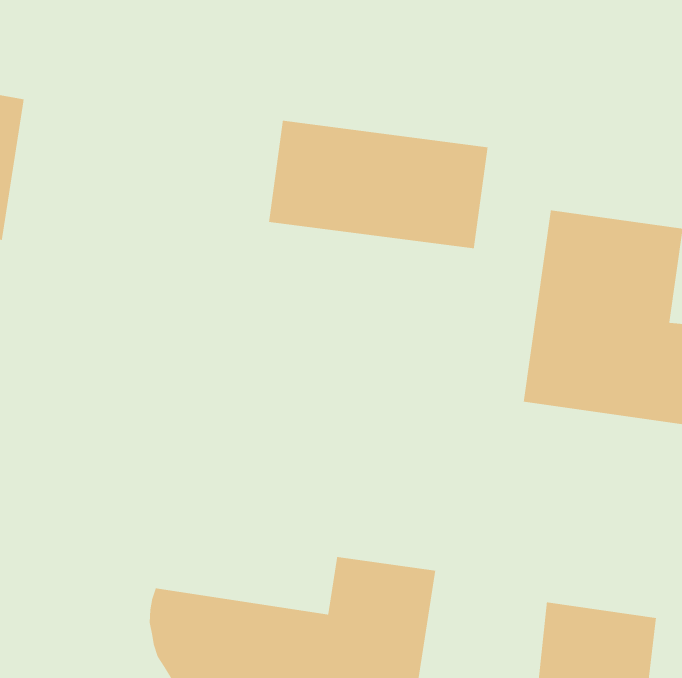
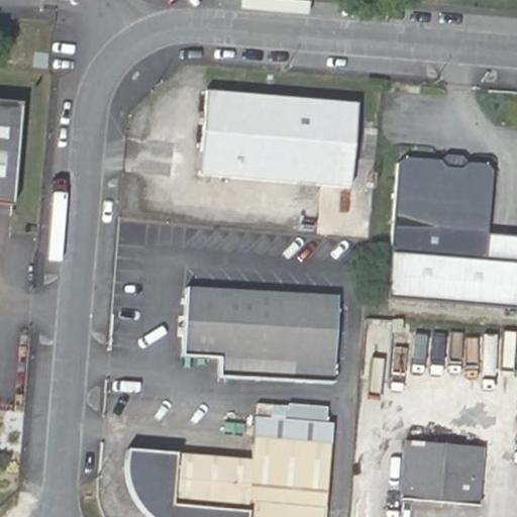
building: none -> [182,286,343,378]

